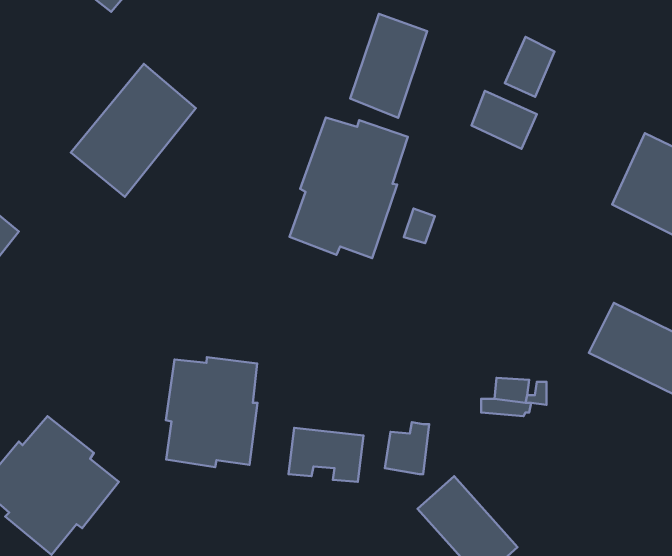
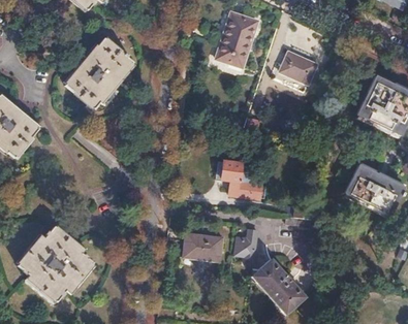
building: [505,37,555,97] -> none
building: [289,117,408,258] -> none
building: none -> [221,160,262,199]
building: [166,357,257,467] -> none

